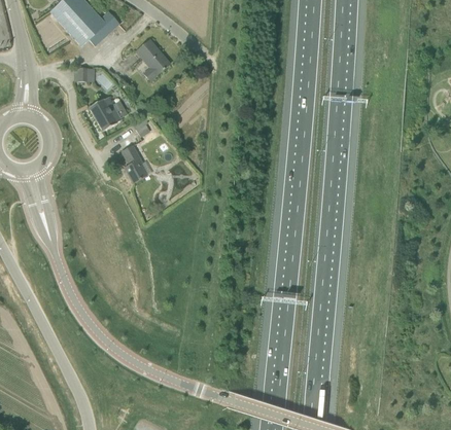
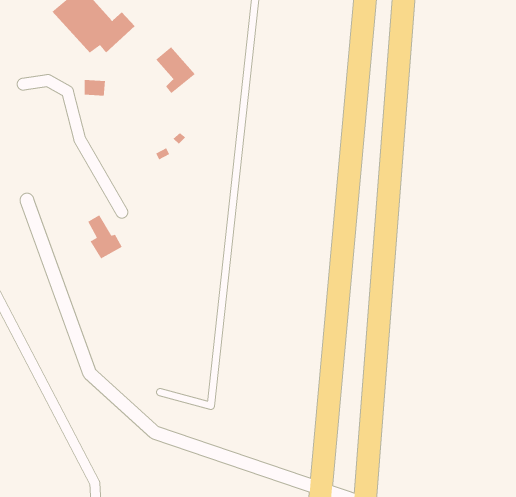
building: [89,97,127,132] -> none
building: [122,145,151,183] -> [87,214,123,260]

